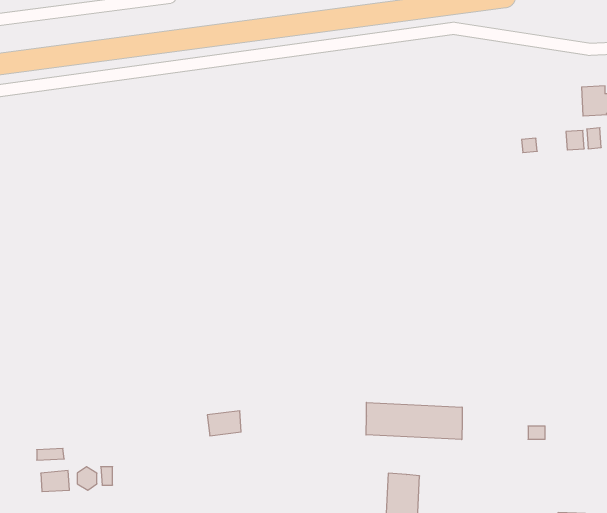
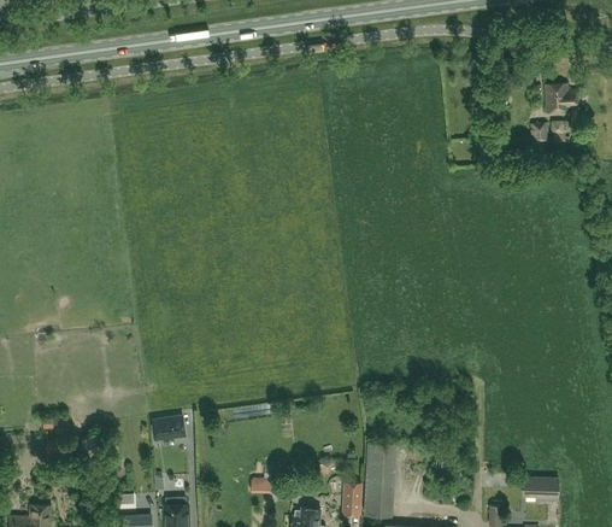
building: [366,402,462,440] -> none
building: [207,411,241,436] -> [152,417,183,440]

